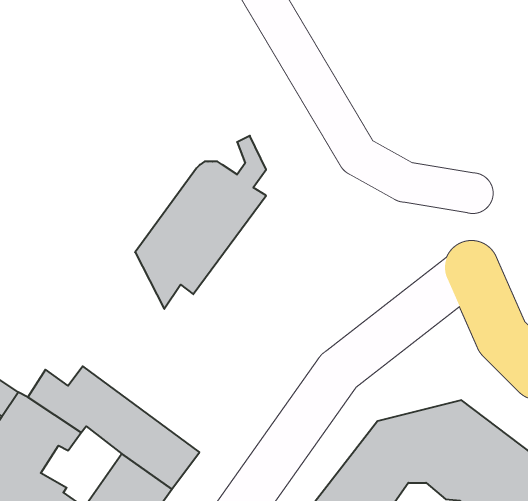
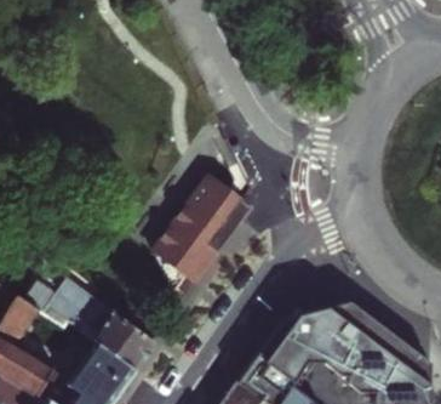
building: [135,136,266,309] -> [151,163,250,292]

